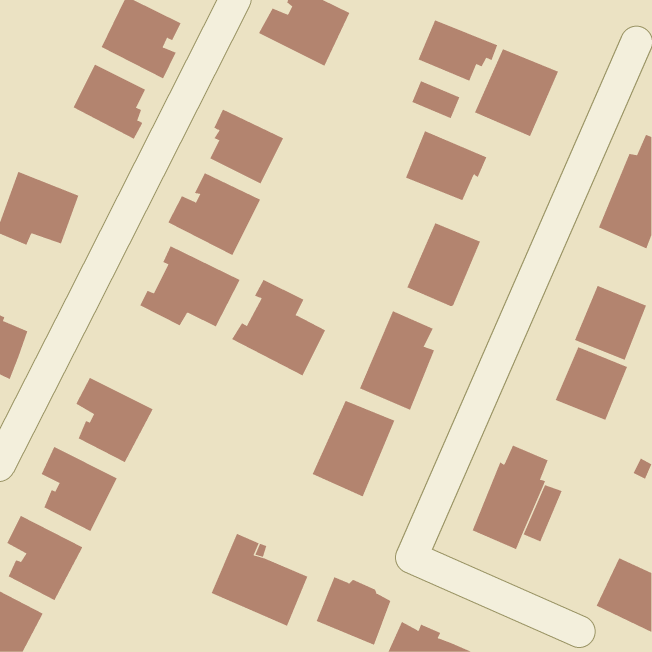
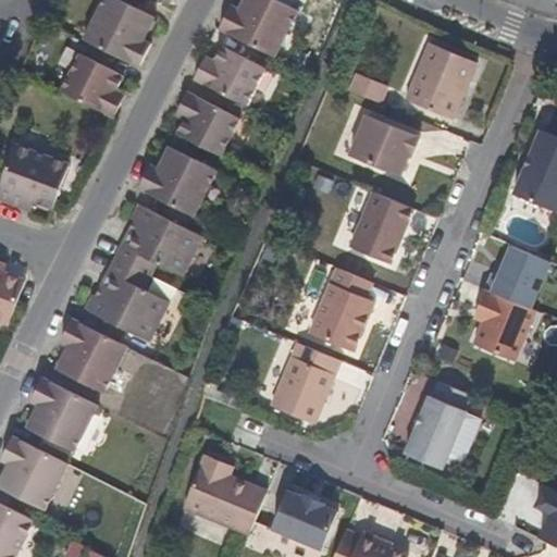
building: [418,20,498,82] -> none
building: none -> [196,46,267,106]
building: [231,279,326,376] -> [91,260,172,343]

